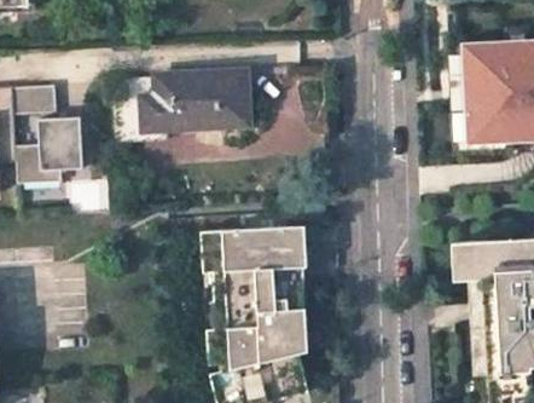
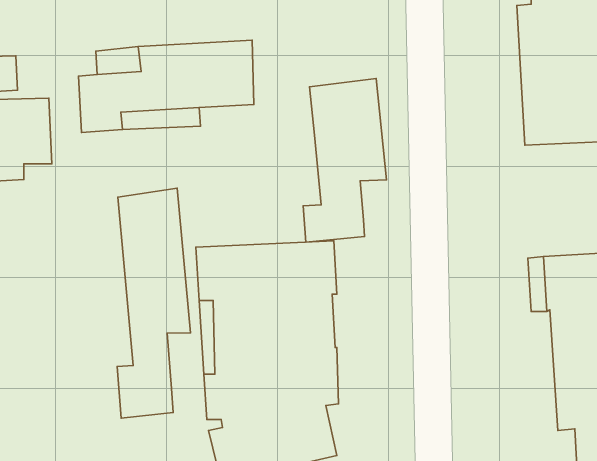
building: none -> [303,79,387,242]
building: none -> [117,188,191,418]

